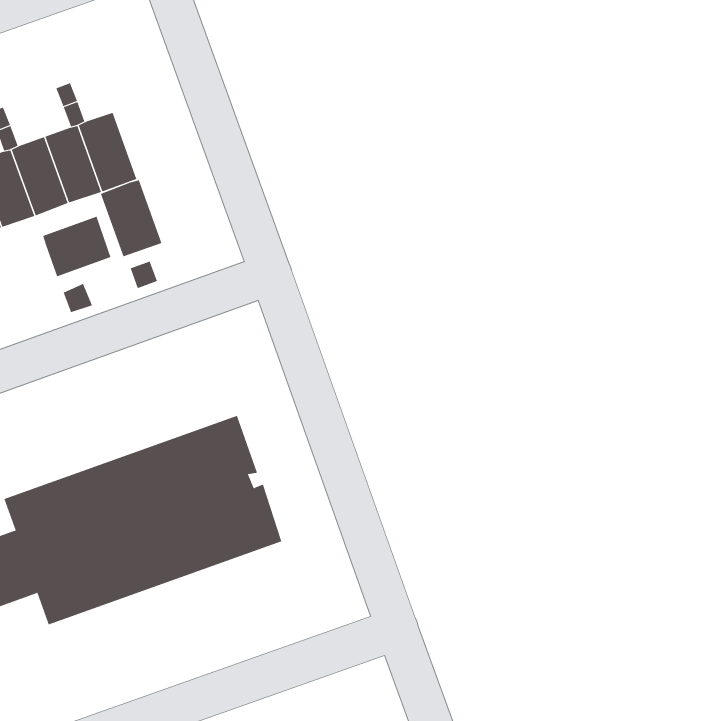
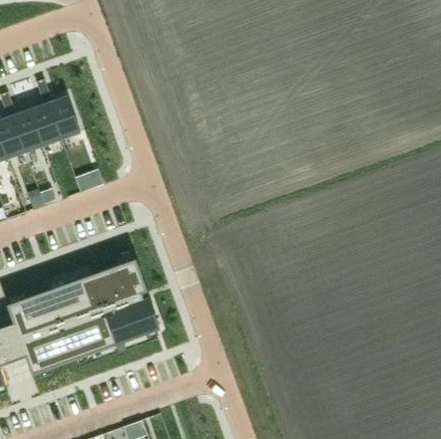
building: [100,179,162,257] -> none
building: [43,216,111,277] -> none

